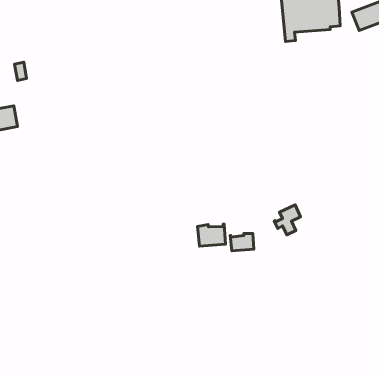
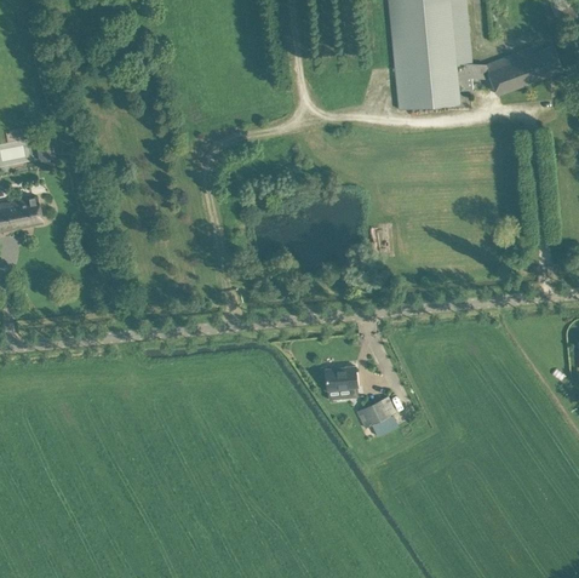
building: [274,205,301,235] -> [360,396,395,436]
building: [198,224,225,246] -> none

